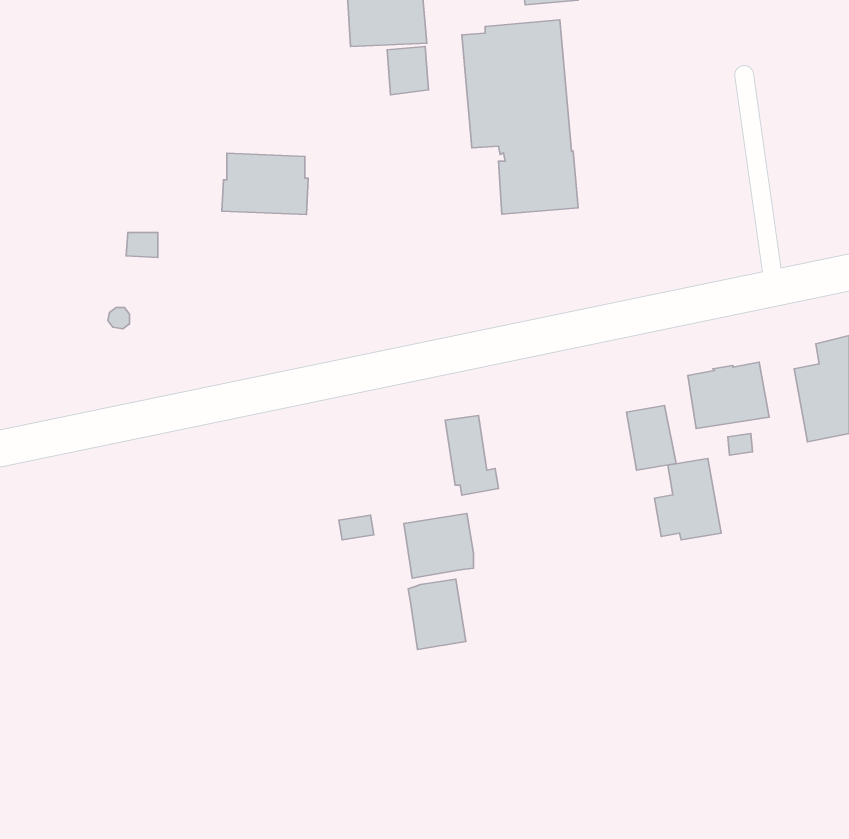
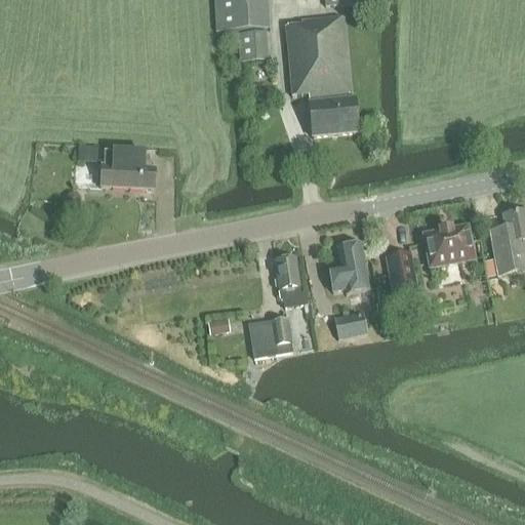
building: [222,153,308,215] -> [102,149,155,187]
building: [655,458,721,540] -> [327,241,368,291]
building: none -> [333,310,366,335]
building: [408,579,466,649] -> none

